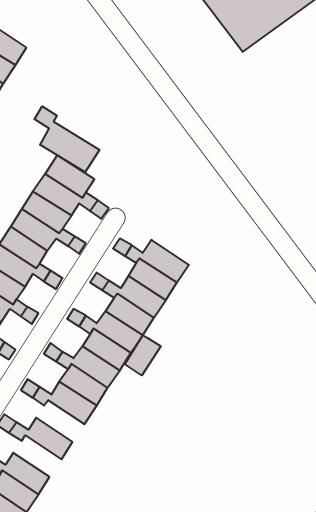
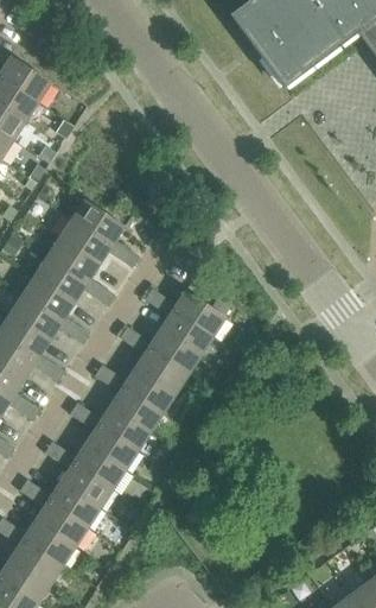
building: [34,106,99,172] -> none
building: [125,335,161,375] -> none
building: none -> [60,464,113,509]
building: none -> [36,502,88,547]

